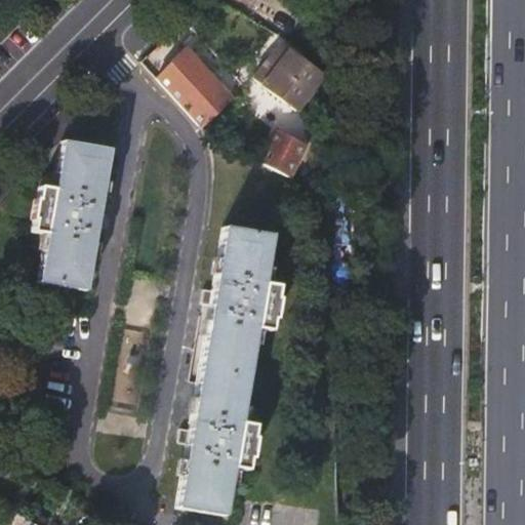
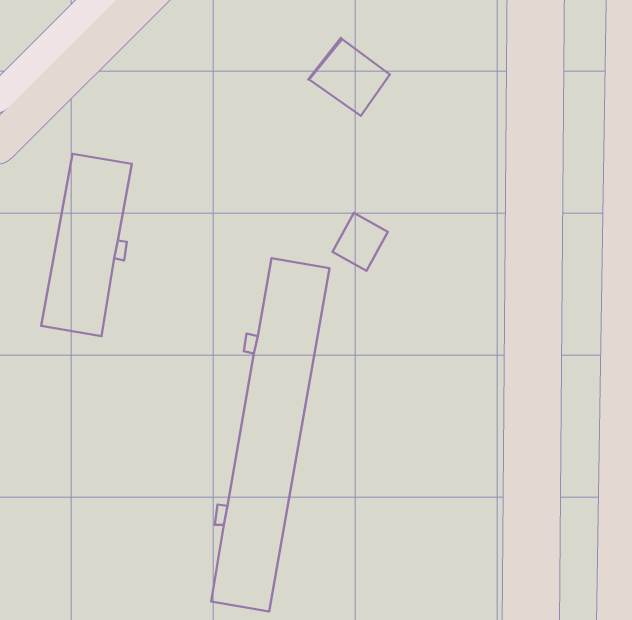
building: [162,55,232,126] -> none
building: [267,129,312,176] -> [333,213,388,271]

